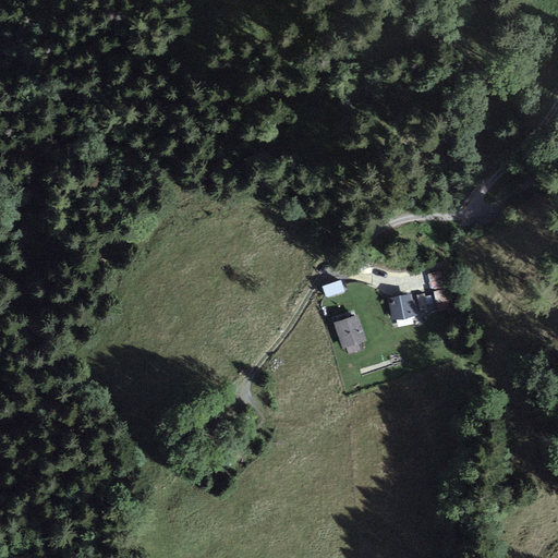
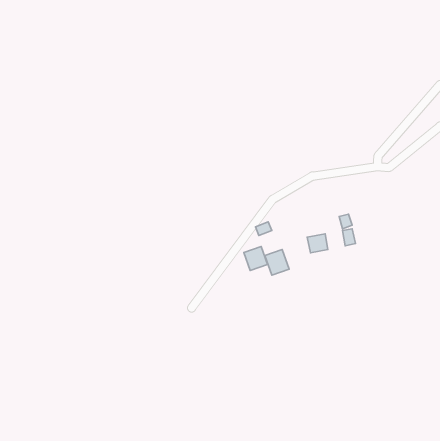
building: none -> [244,246,267,271]

